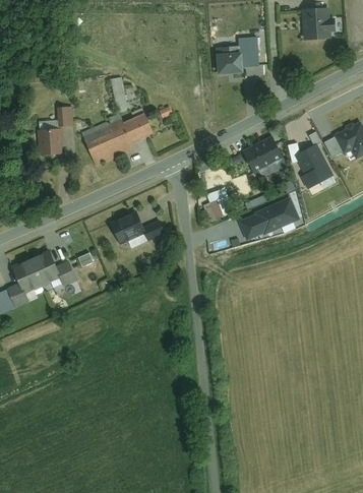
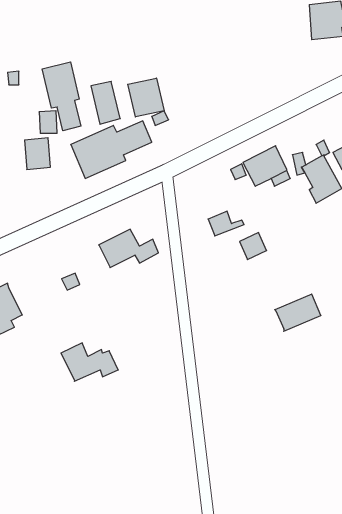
building: [214,36,255,71] -> none
building: none -> [42,62,81,131]
building: none -> [128,78,164,117]
building: [253,198,295,232] -> [275,294,321,331]
building: [28,254,80,289] -> [61,343,118,381]

